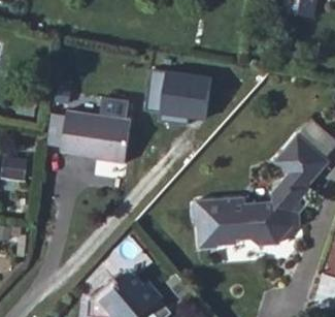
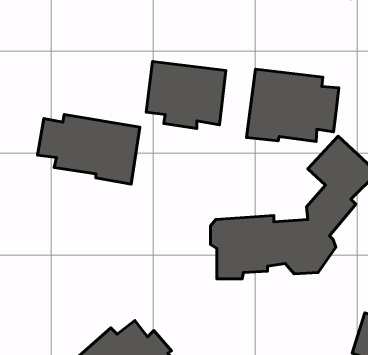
building: none -> [247,69,339,142]

